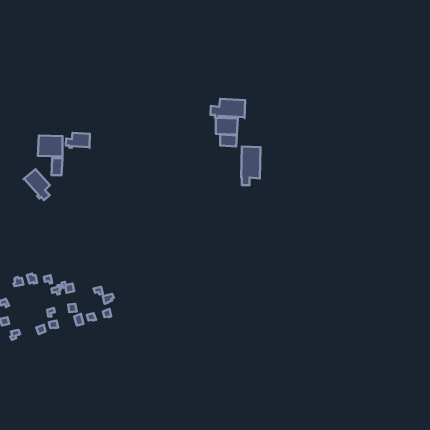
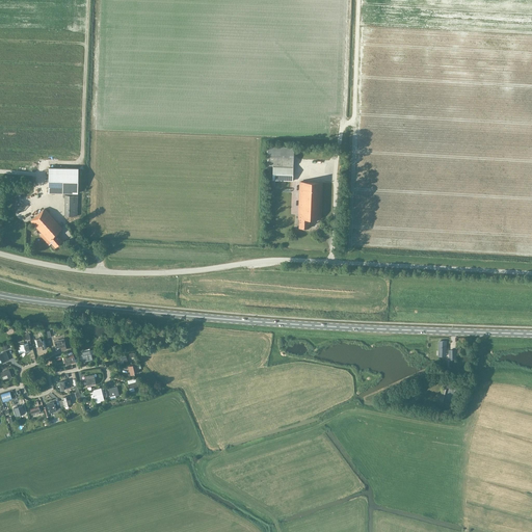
building: [210,99,245,118] -> none
building: [66,133,90,148] -> none

